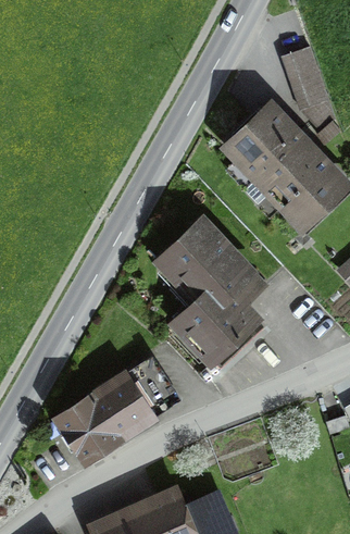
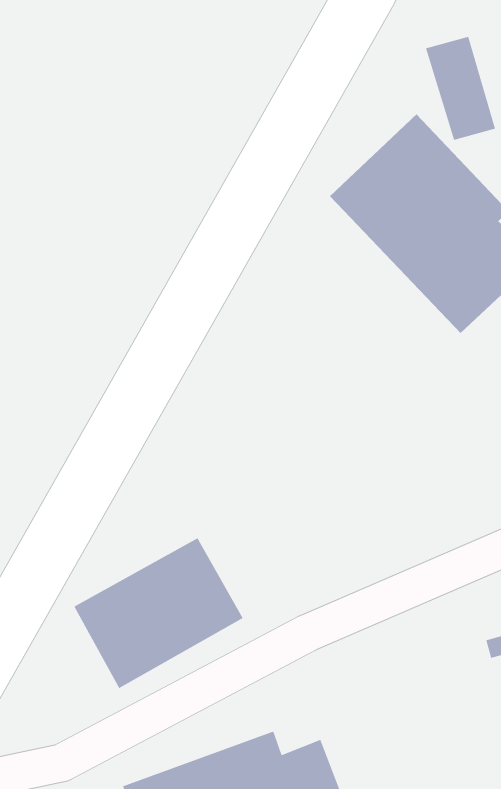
building: [152,208,265,371] -> none

